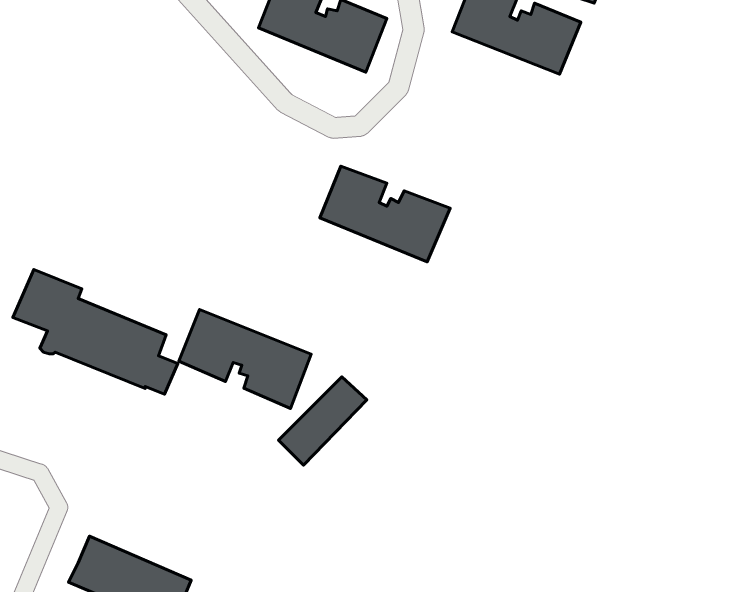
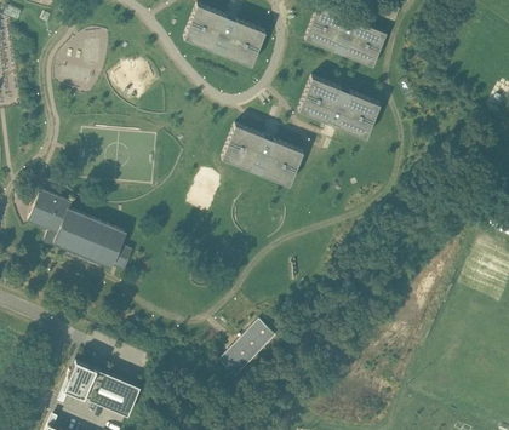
building: none -> [297,76,378,138]
building: [179,310,311,408] -> none
building: [278,377,367,465] -> [218,321,274,377]

